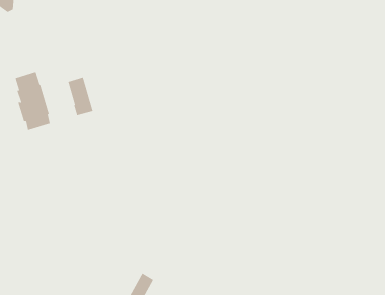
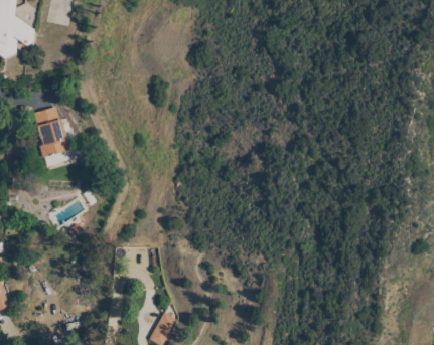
building: [68,77,93,116] -> none

